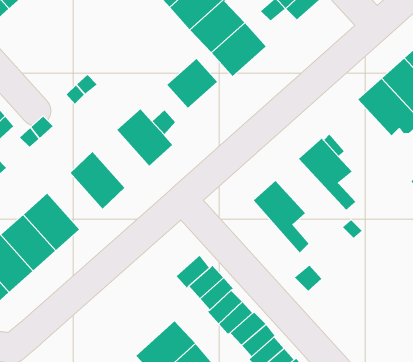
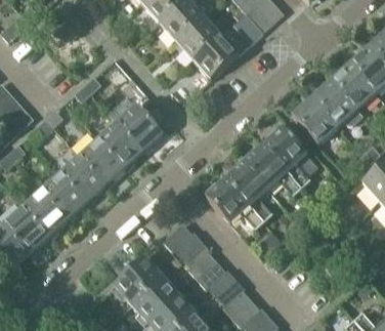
building: [167,58,218,109] -> none
building: none -> [292,96,339,144]
building: none -> [96,121,142,168]
building: none -> [245,144,302,195]
building: none -> [59,156,104,202]
building: none -> [206,178,264,229]
building: none -> [114,256,163,304]

